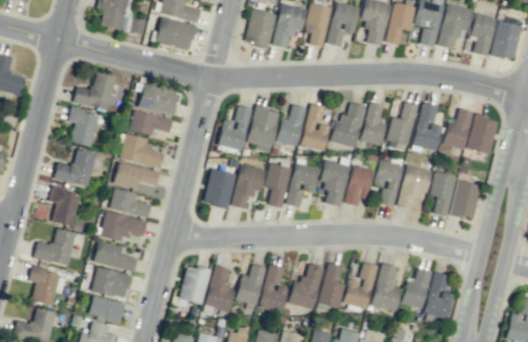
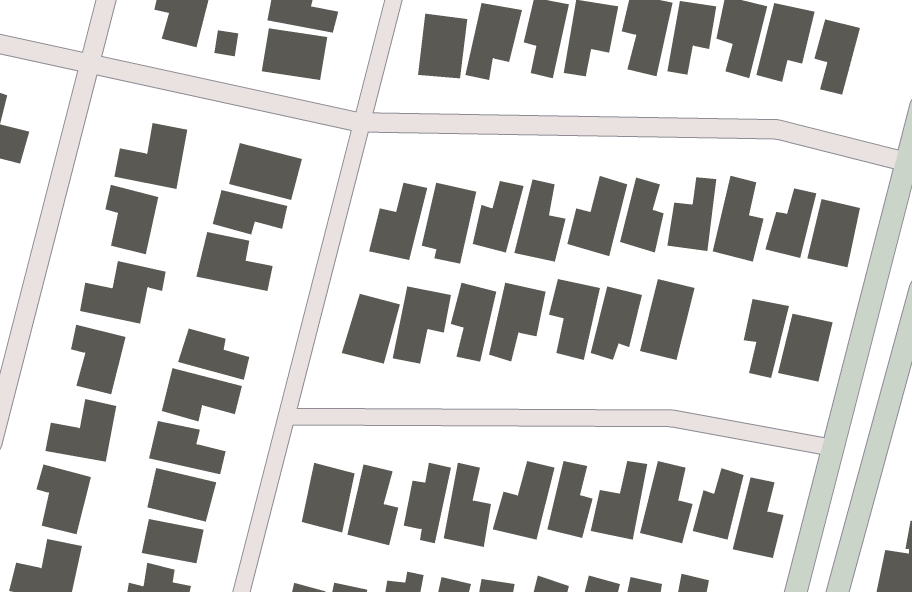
building: [490,20,522,60] -> none
building: [113,161,160,189] -> none
building: [398,165,430,208] -> none

